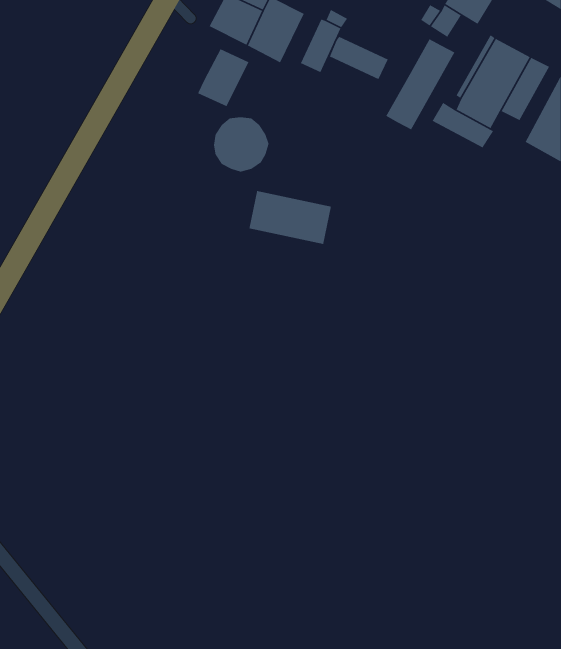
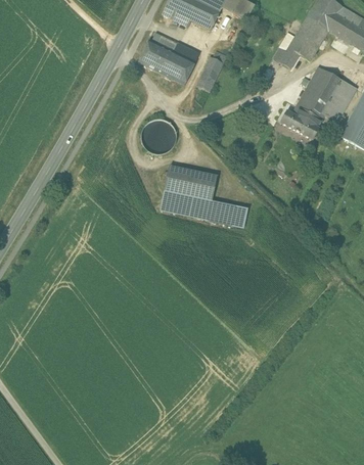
building: [329,36,389,80] -> none
building: [385,38,455,131] -> none
building: [197,48,250,107] -> none
building: none -> [160,190,247,228]

